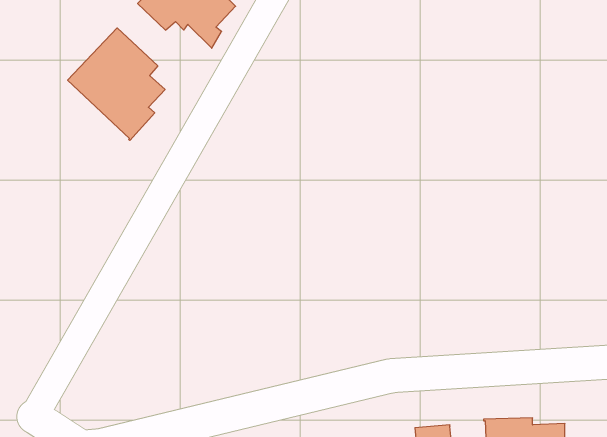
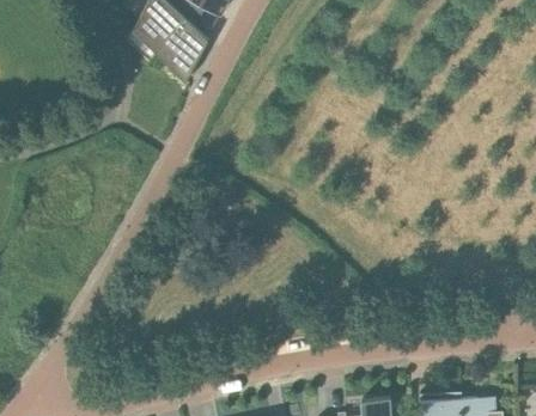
building: [68,28,165,140] -> none

